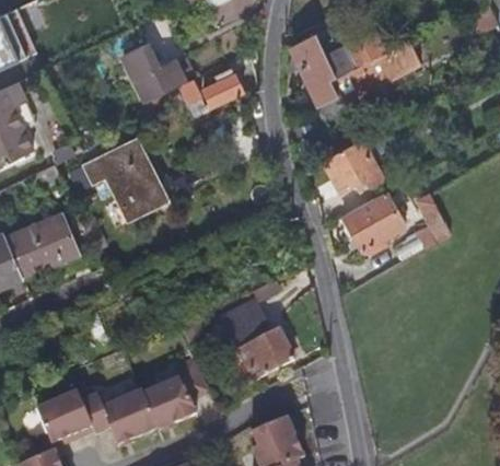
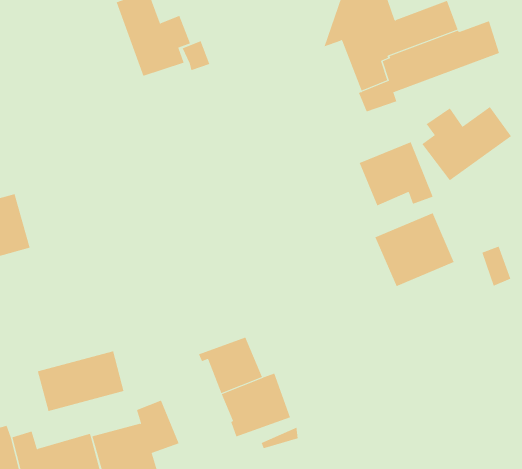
building: [200,66,244,113] -> none
building: none -> [422,106,512,181]
building: [85,139,167,220] -> none
building: none -> [37,350,124,412]

